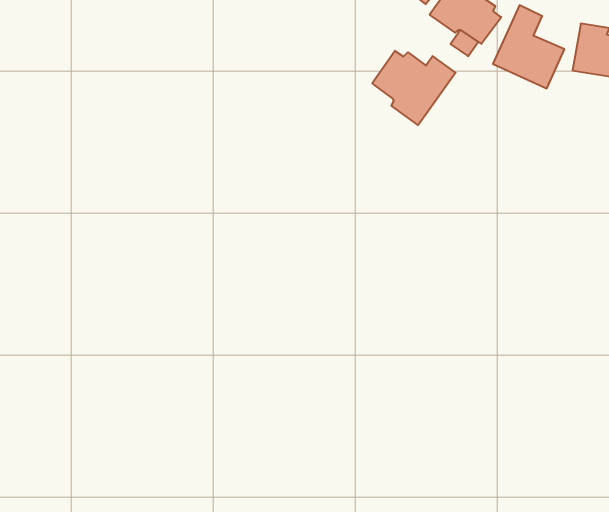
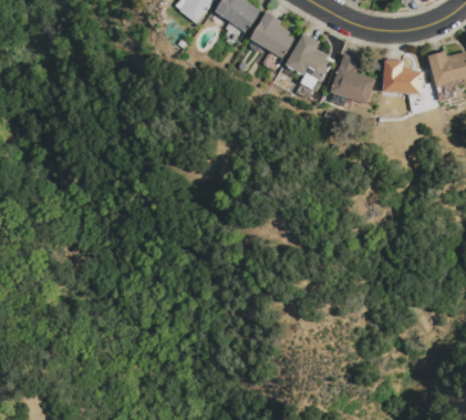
building: [372,51,456,125] -> none

